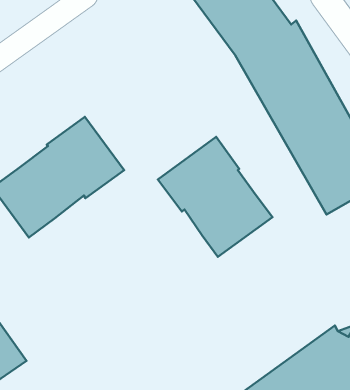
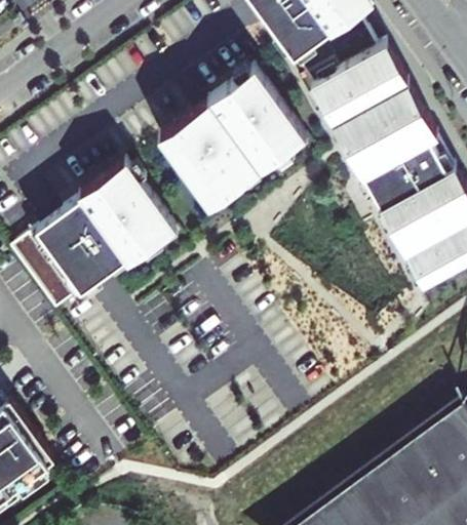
building: none -> [157,72,301,208]
building: [158,137,272,257] -> none

